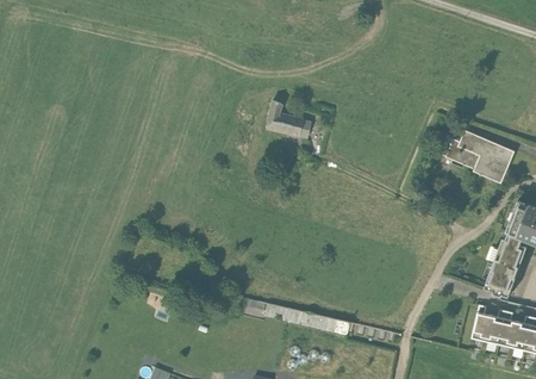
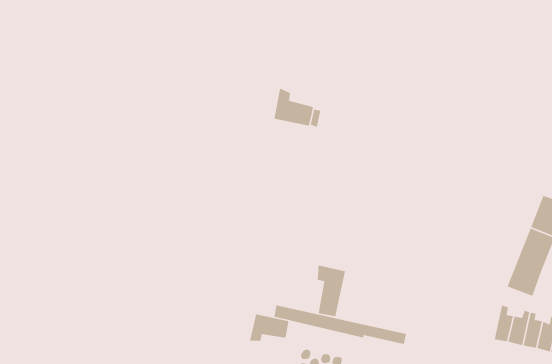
building: [440,130,517,184] -> none
building: none -> [317,264,346,318]
building: none -> [249,313,290,341]

